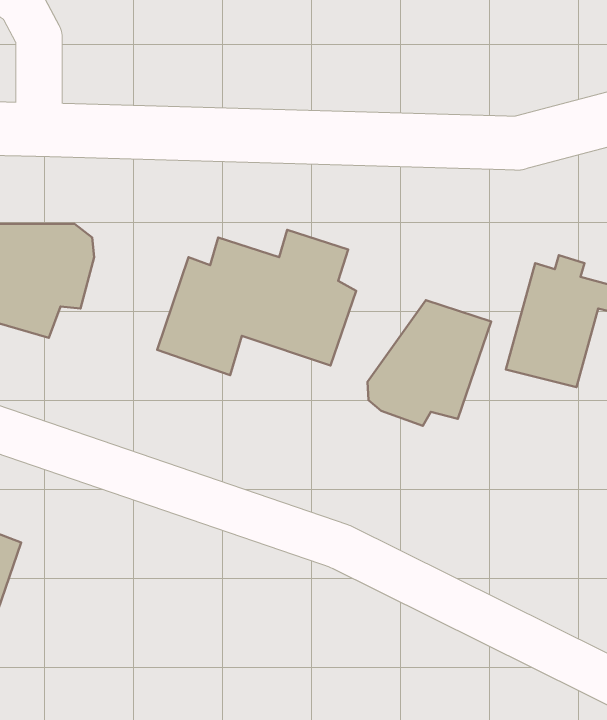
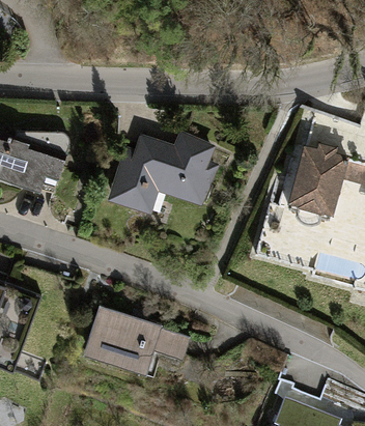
building: [368,300,491,426] -> none
building: none -> [83,308,190,374]

